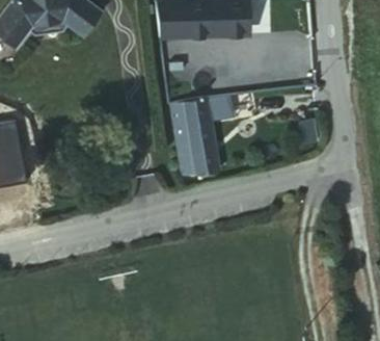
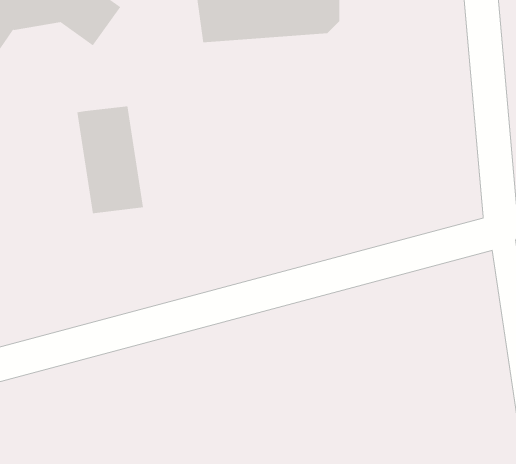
building: [172,100,217,172] -> [77,106,144,214]

